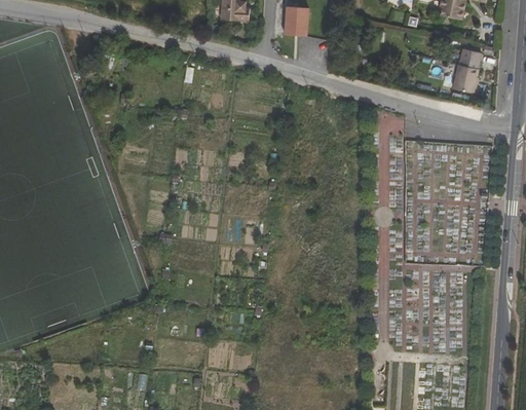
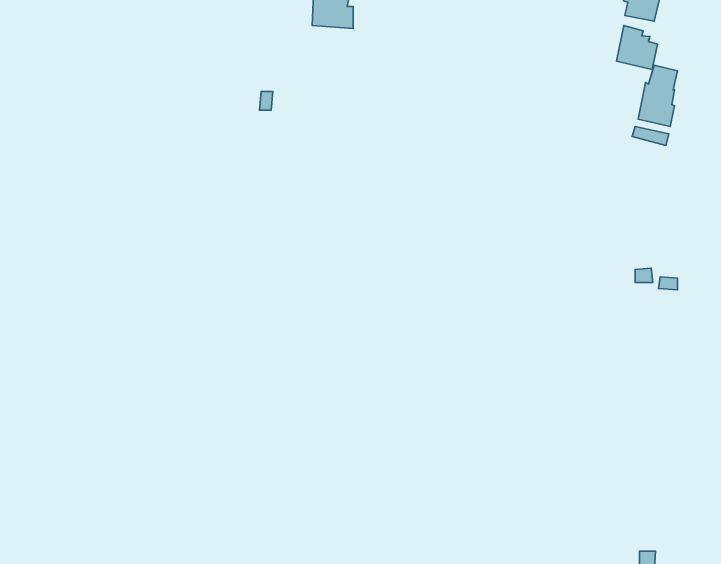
building: [287,9,309,35] -> none
building: none -> [617,25,658,69]

